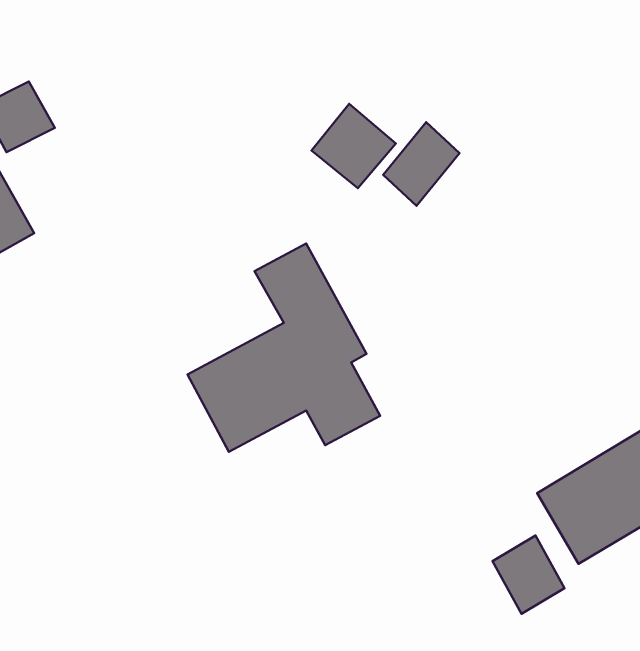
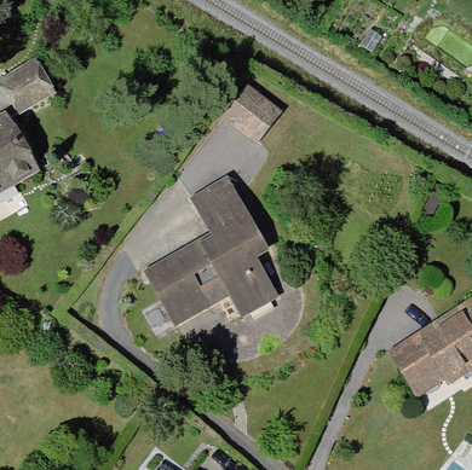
building: [383,122,459,206] -> none
building: [493,535,565,614] -> none

